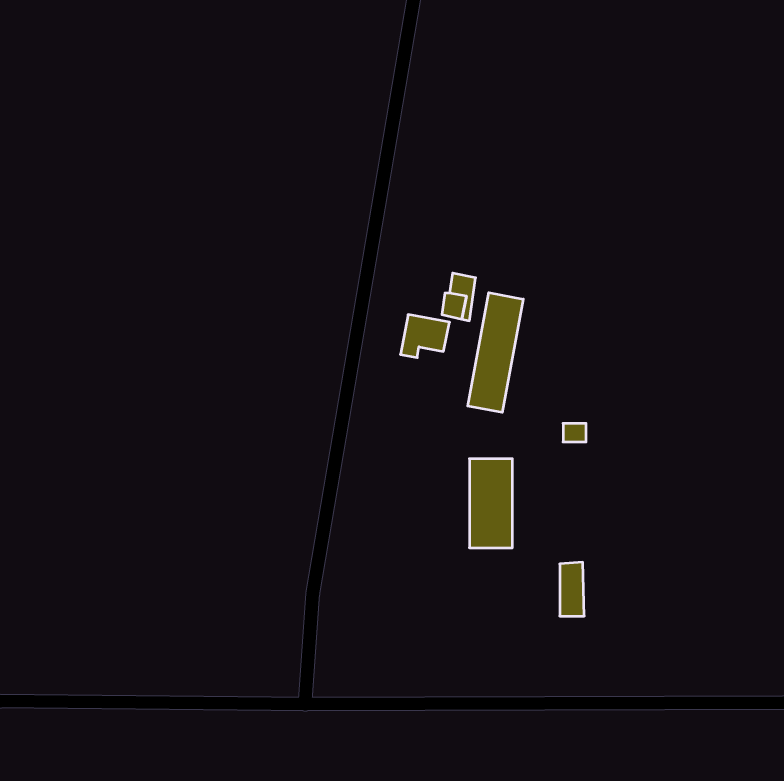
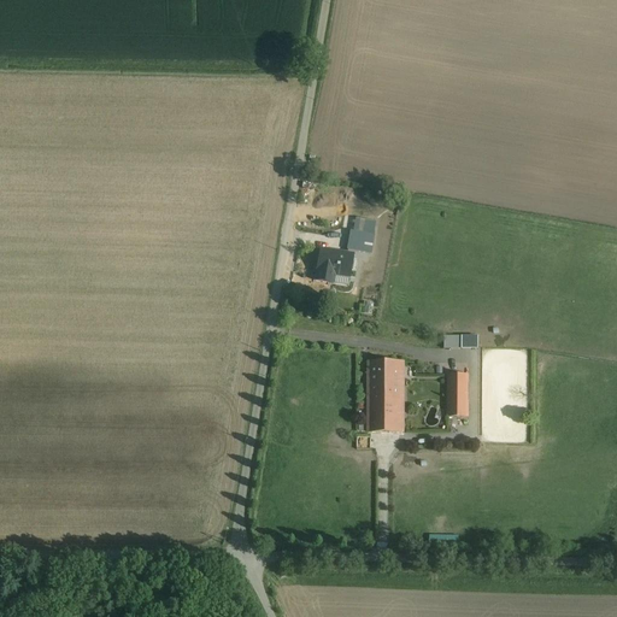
building: [468,293,523,412] -> none
building: [560,562,584,616] -> [448,372,468,415]

